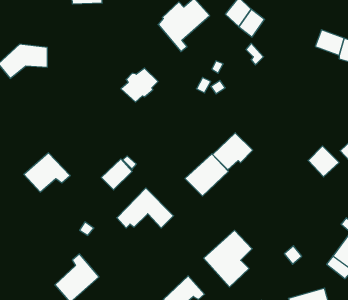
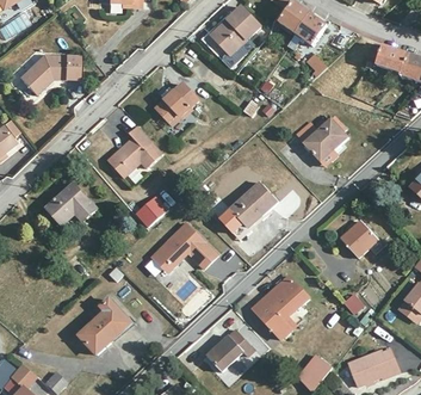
building: none -> [105,131,165,178]
building: [212,133,253,170] -> [303,118,349,161]
building: [308,146,339,177] -> [343,217,379,253]

